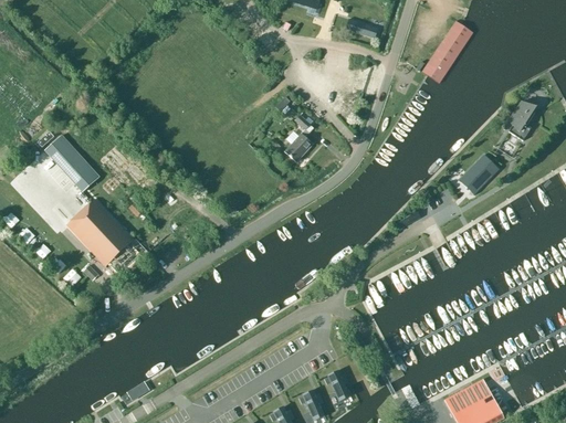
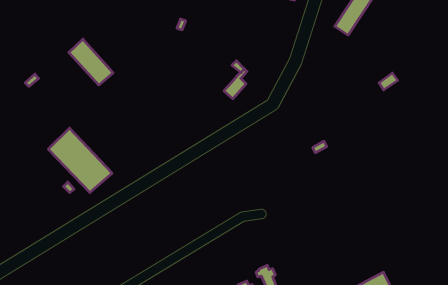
building: [506,103,534,140] -> none
building: [43,135,98,192] -> [69,39,113,85]
building: [458,156,499,194] -> none

